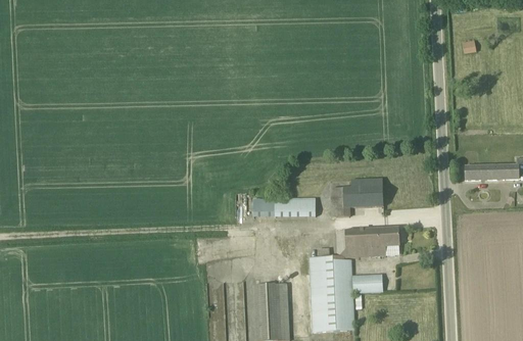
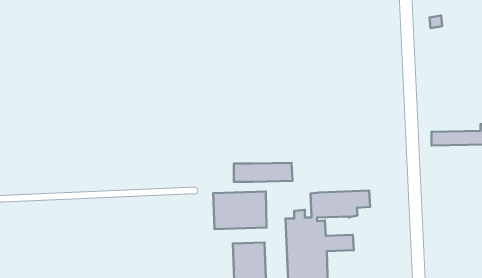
building: [329,178,382,216] -> none
building: none -> [213,191,266,229]

